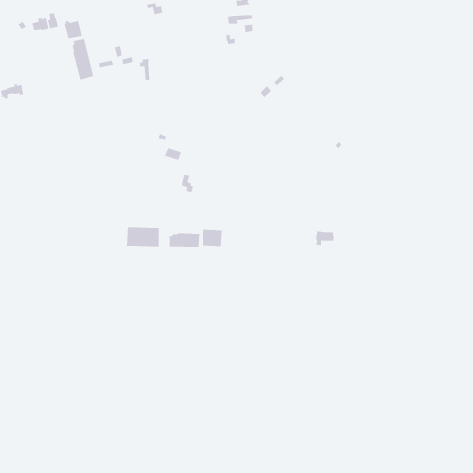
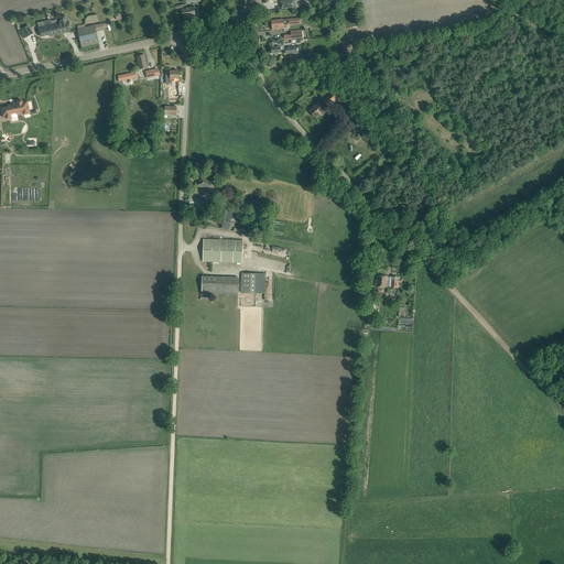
building: [72,38,94,81] -> none
building: [126,227,160,247] -> [202,238,241,262]

